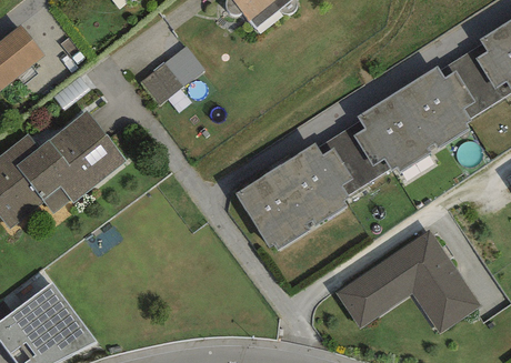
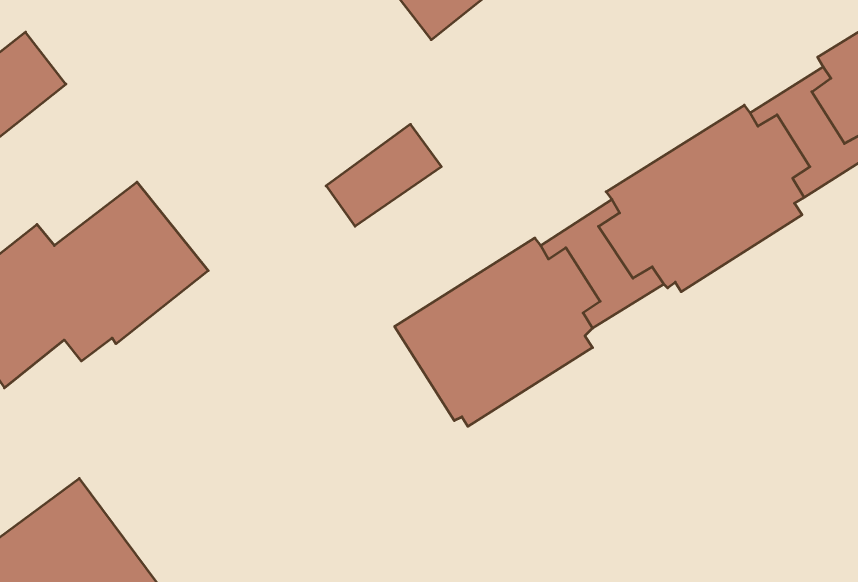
building: [138,47,204,105] -> [326,124,441,226]
building: [334,230,480,335] -> none

